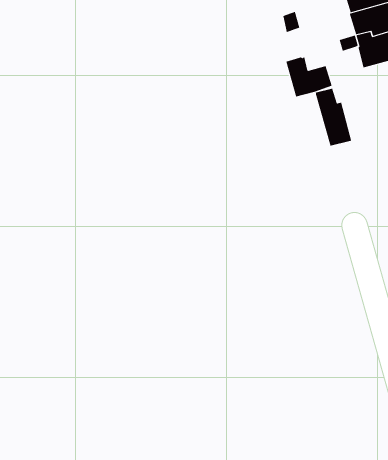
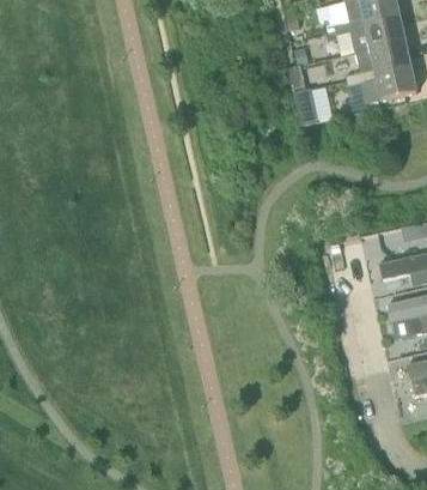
building: [315,88,352,147] -> none

